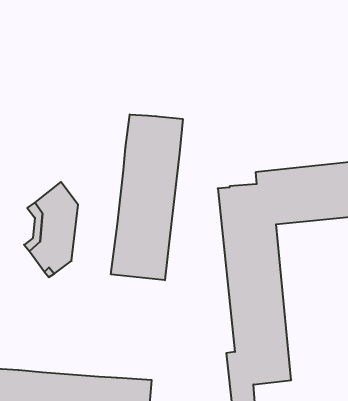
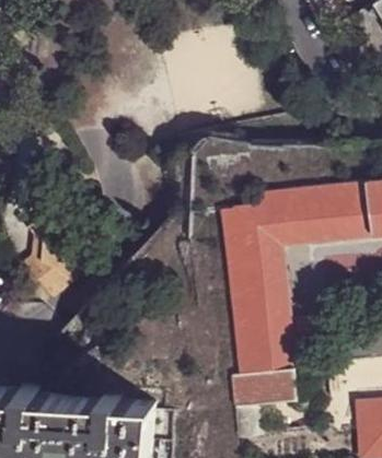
building: [111,114,183,280] -> none

